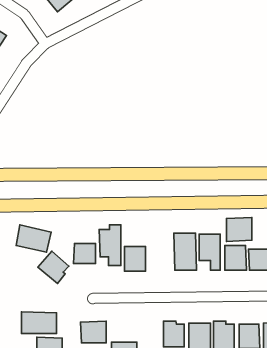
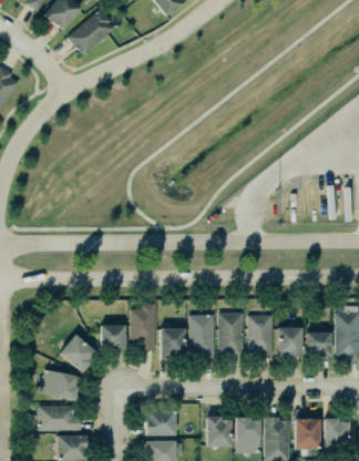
building: [227,217,252,241] -> none
building: [16,225,51,252] -> [41,368,82,400]
building: none -> [188,314,214,356]
building: [81,321,106,343] -> [146,409,176,434]

